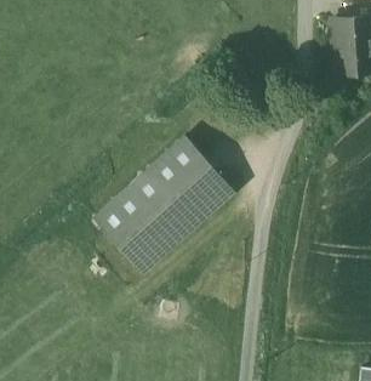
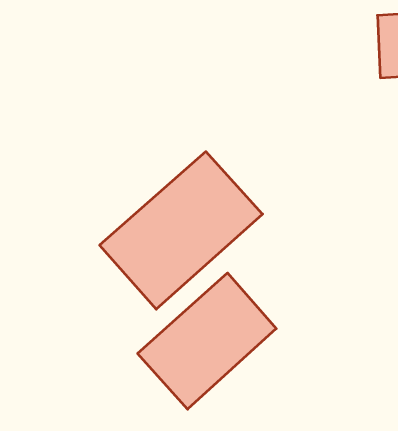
building: none -> [138,273,276,409]

